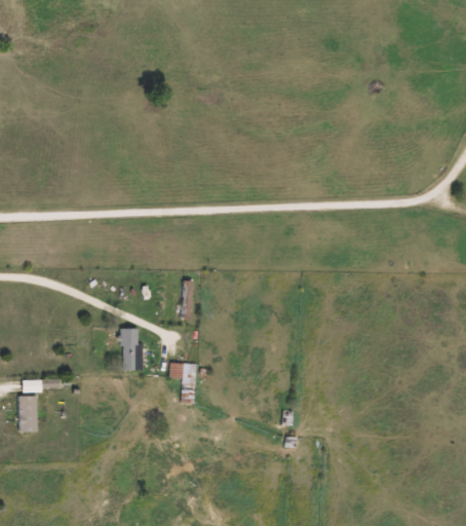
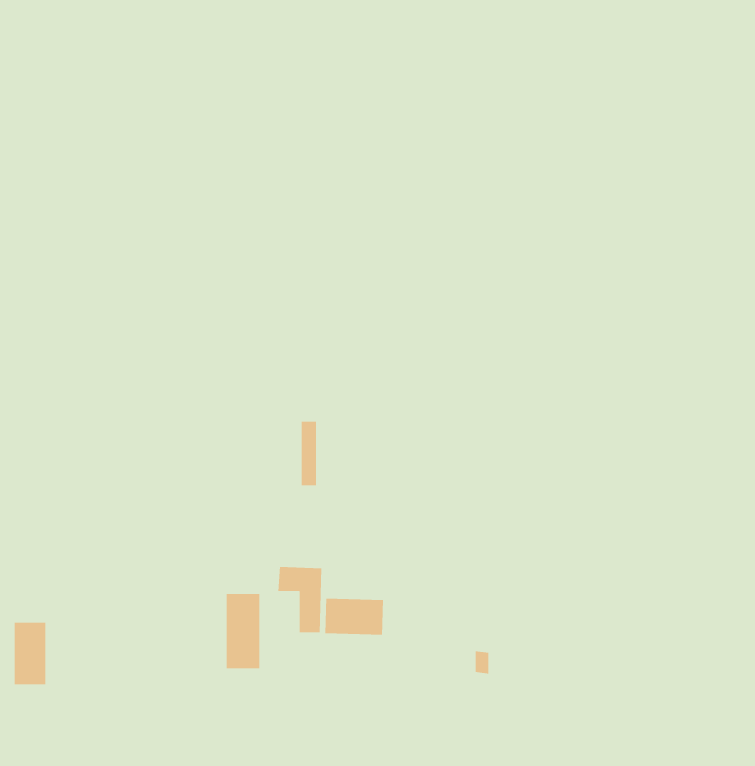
building: [122,327,142,370] -> [226,593,260,669]
building: none -> [325,598,383,635]

